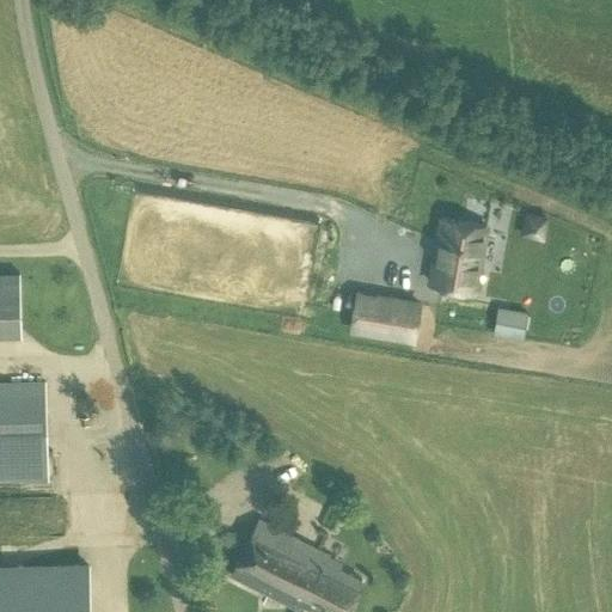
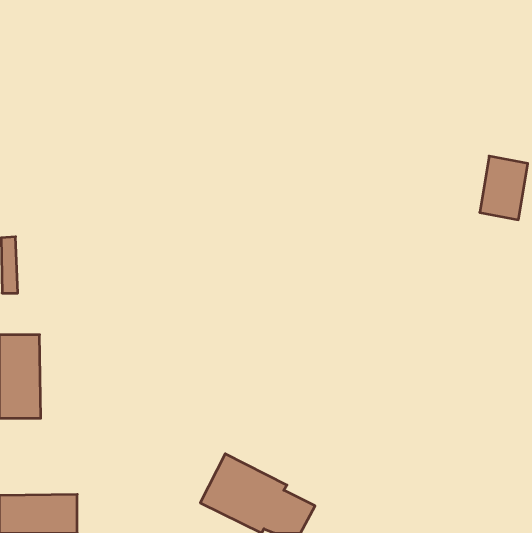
building: [429,218,484,290] -> [480,156,528,220]
building: [350,293,418,339] -> none
building: [492,306,526,339] -> none

